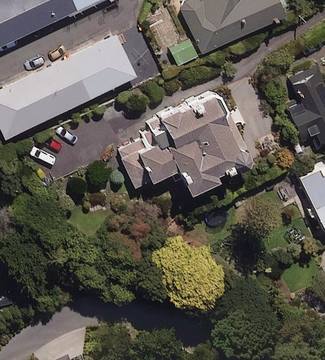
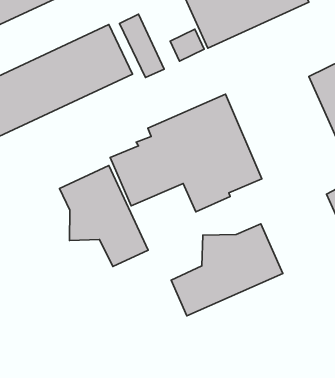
building: none -> [60,166,148,266]
building: none -> [171,224,283,316]

